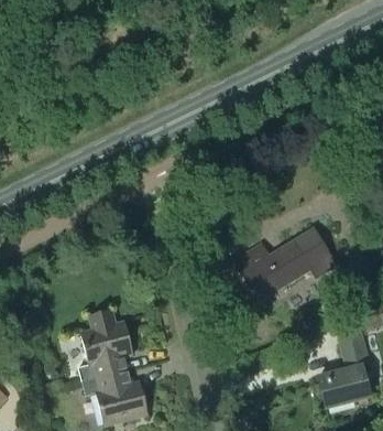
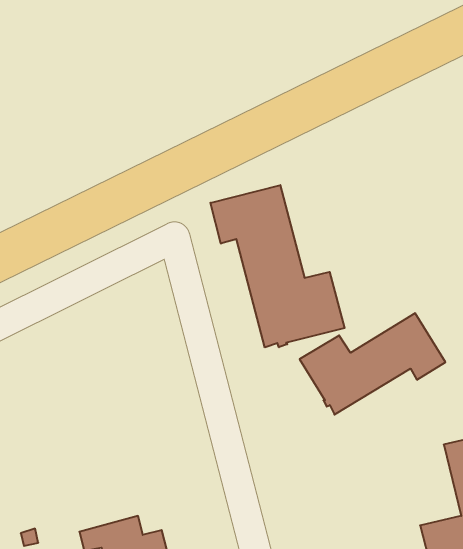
building: none -> [210,185,345,347]
building: [78,308,132,381] -> none

